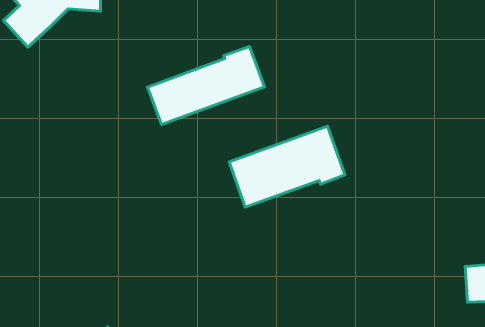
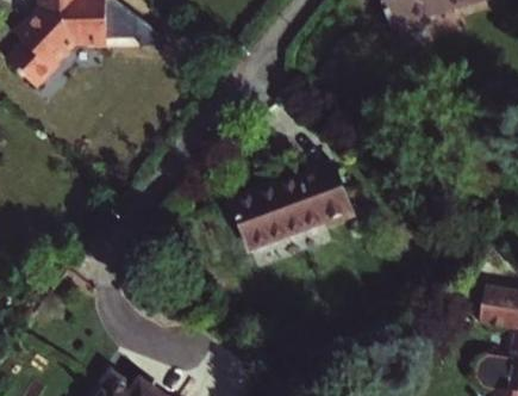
building: [147,47,264,124] -> none

